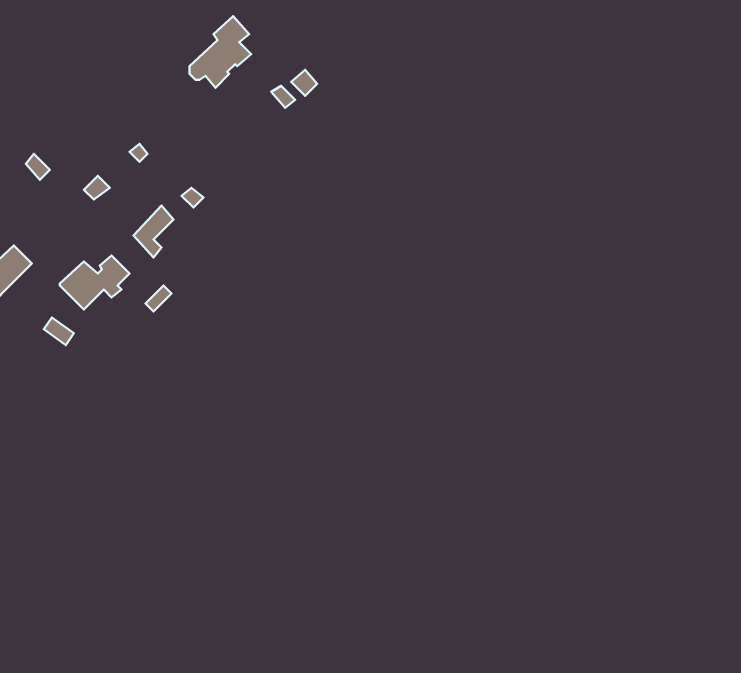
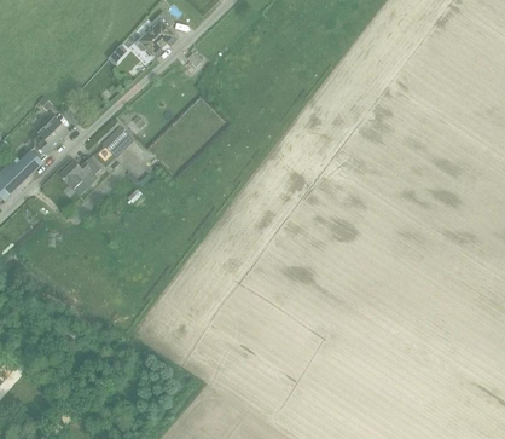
building: none -> [28,117,66,161]

